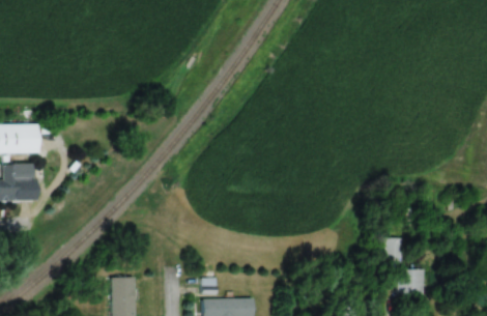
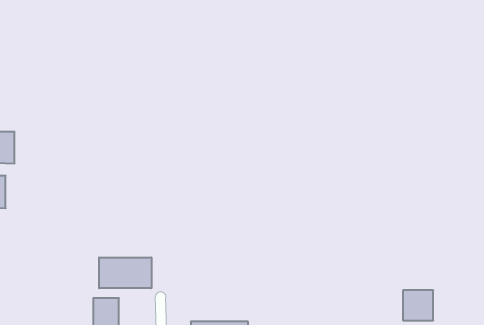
building: [384,238,402,260] -> none
building: none -> [99,257,151,288]

